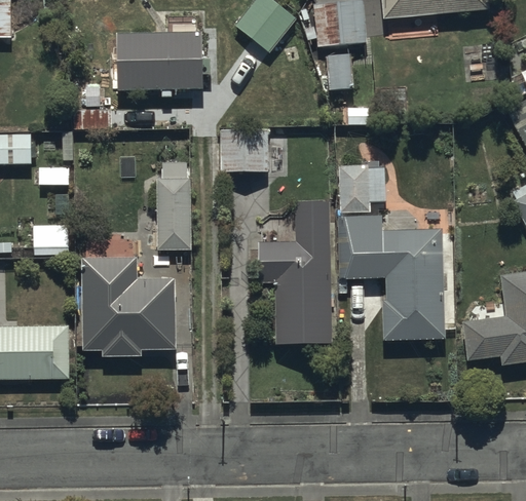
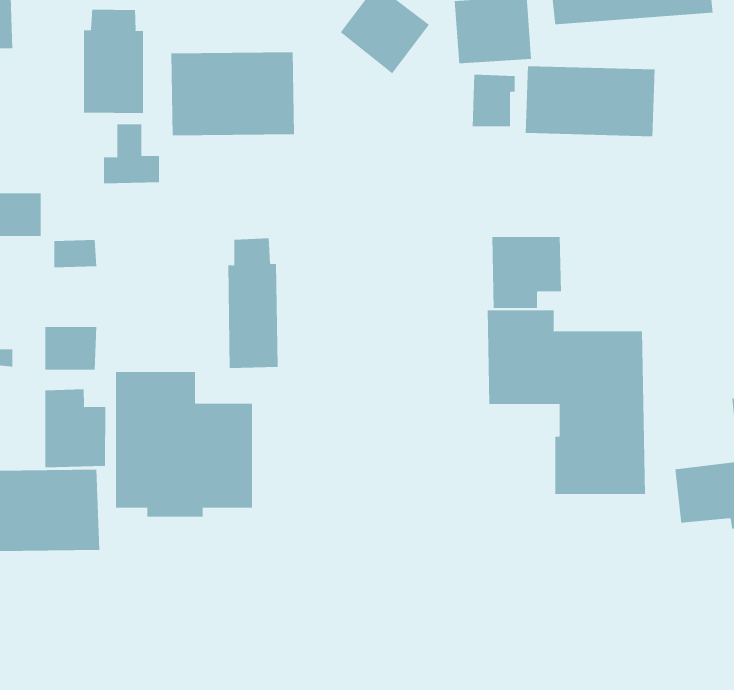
building: none -> [83,9,143,114]
building: none -> [525,65,655,137]
building: [219,126,269,171] -> none
building: [257,199,333,343] -> none
building: none -> [45,389,106,468]

